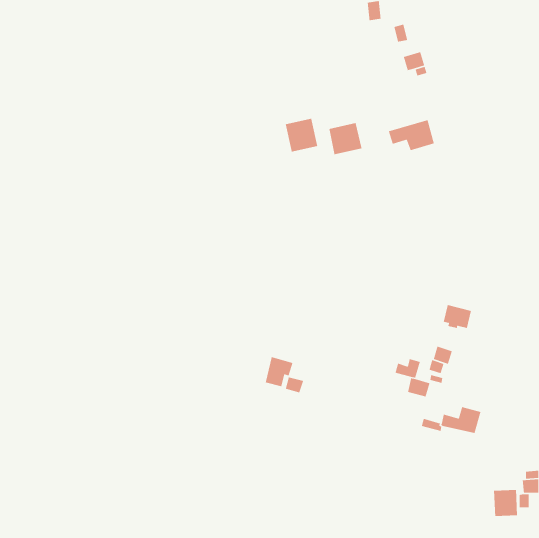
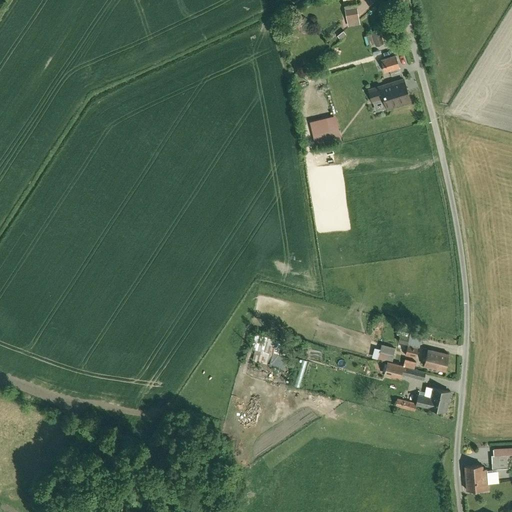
building: [285,118,318,153] -> none
building: [388,119,435,151] -> [367,77,411,107]
building: [443,304,472,329] -> [423,348,450,371]

